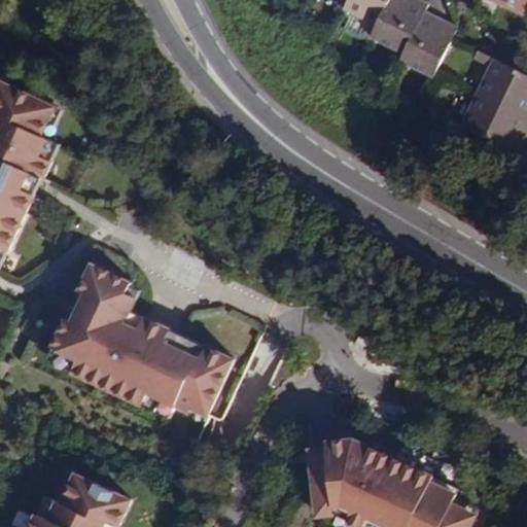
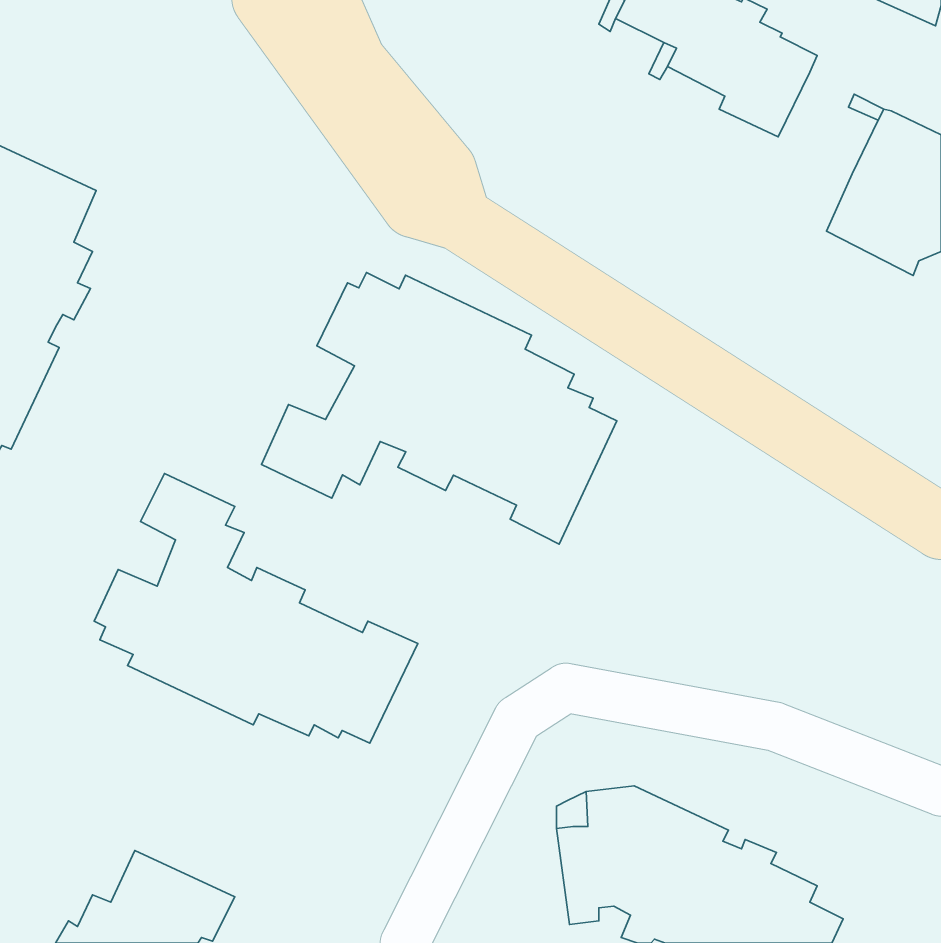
building: none -> [261,272,617,544]

